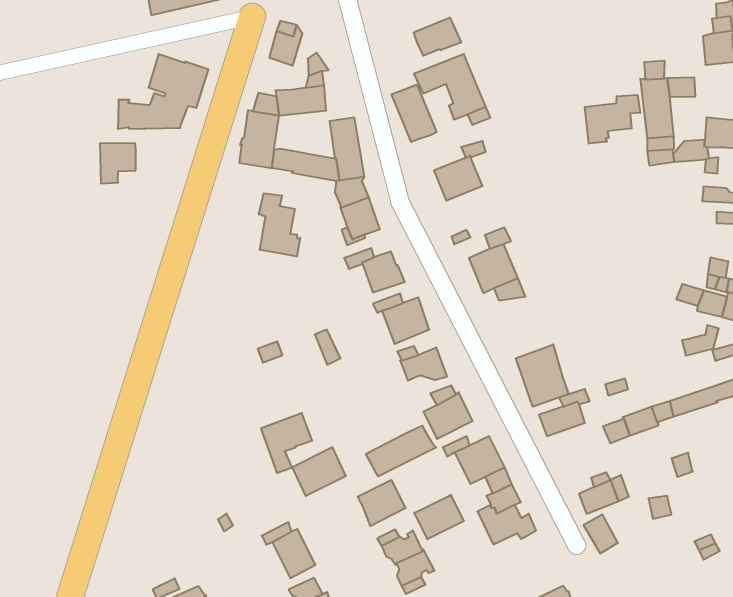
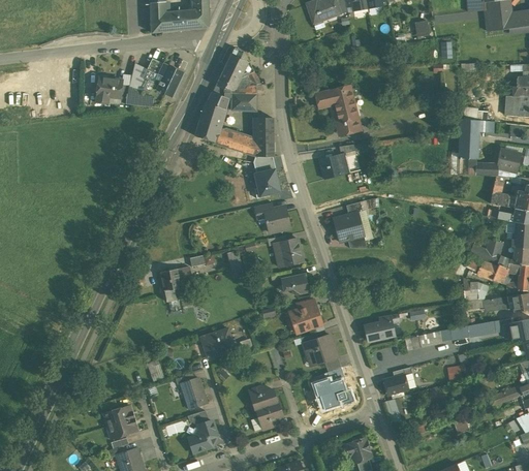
building: [414,17,461,56] -> none
building: none -> [213,70,240,96]
building: [391,85,436,142] -> none
building: [585,95,640,144] -> none
building: [100,143,136,183] -> [96,76,122,103]
building: [259,193,300,256] -> none
building: [516,344,569,407] -> none
building: [261,413,312,473] -> [160,265,192,302]
building: [366,426,436,476] -> none
building: [358,480,405,526] -> none
building: [414,495,464,539] -> none

